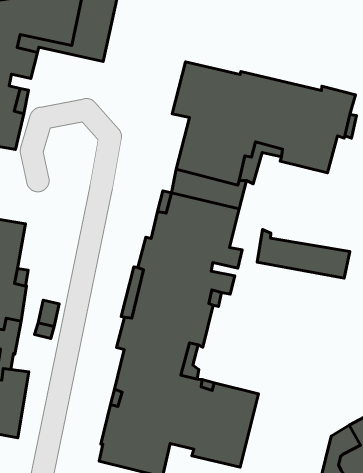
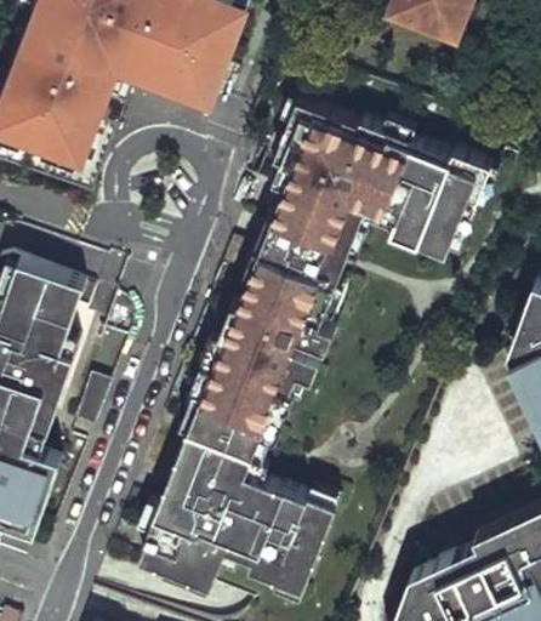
building: [257,230,350,278] -> none

